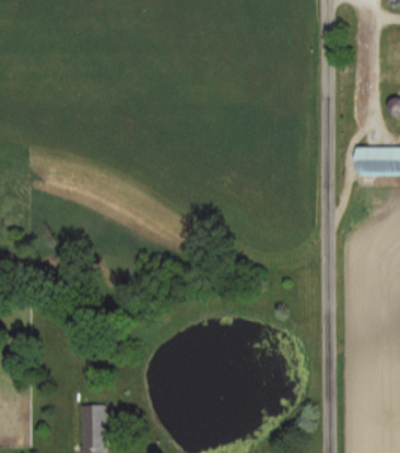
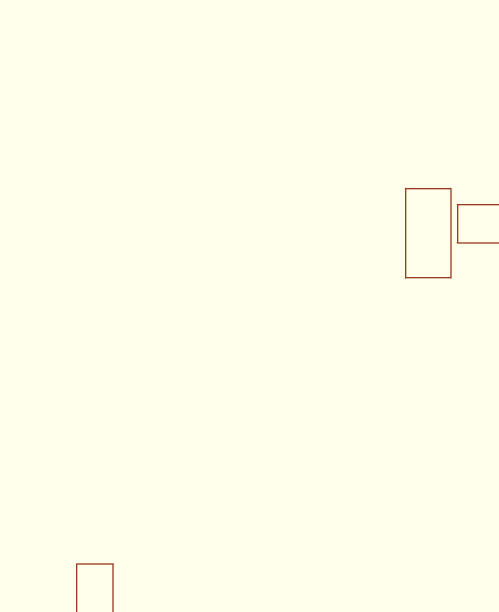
building: none -> [406,188,451,278]

